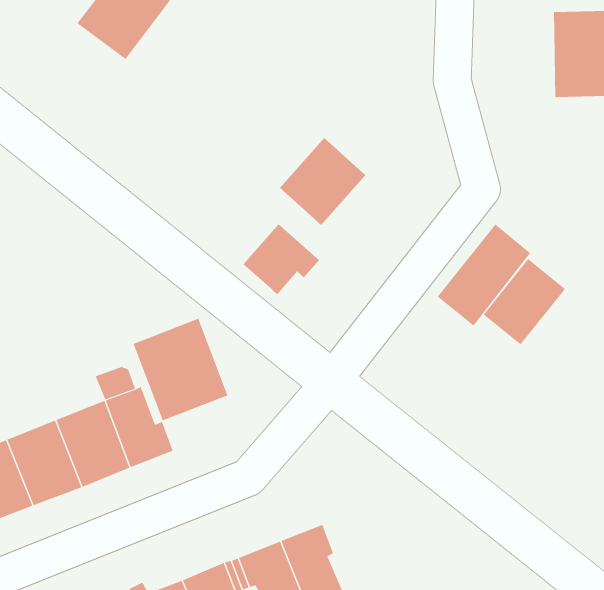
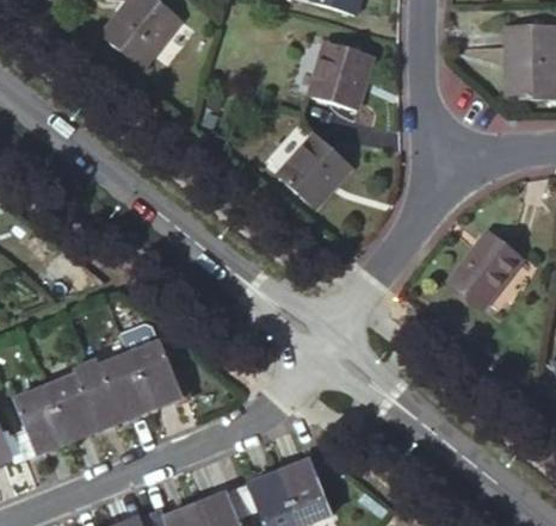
building: none -> [309,41,370,107]
building: [243,223,320,295] -> none
building: [437,223,531,326] -> none
building: [133,318,228,421] -> none

